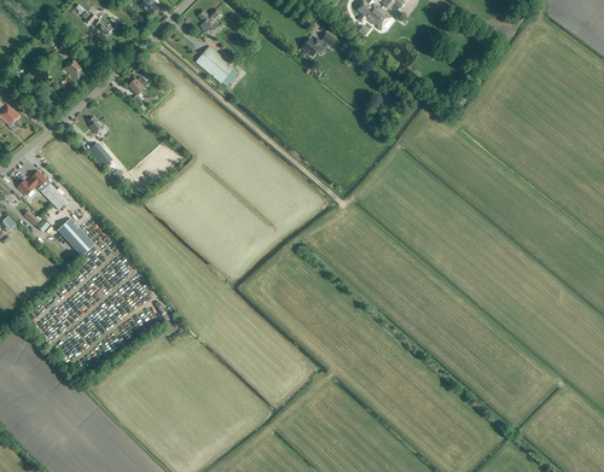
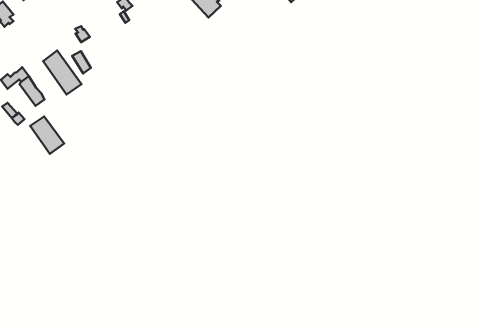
building: none -> [43,51,82,95]

